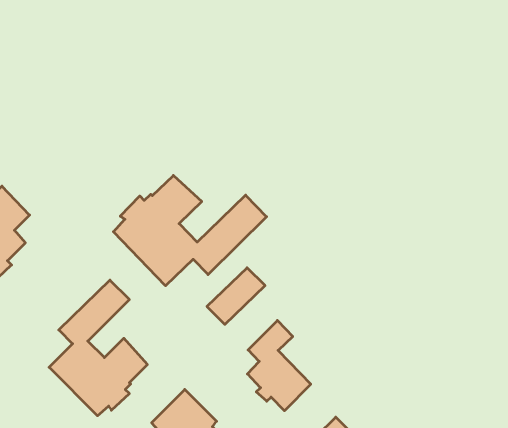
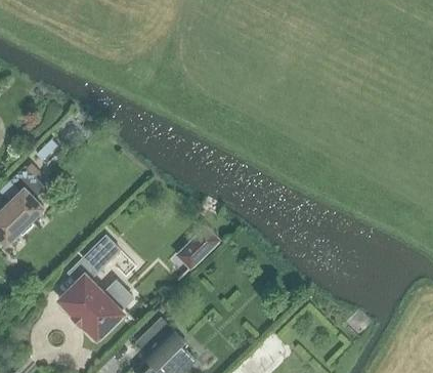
building: [113,175,267,286] -> none
building: [247,320,311,411] -> none

